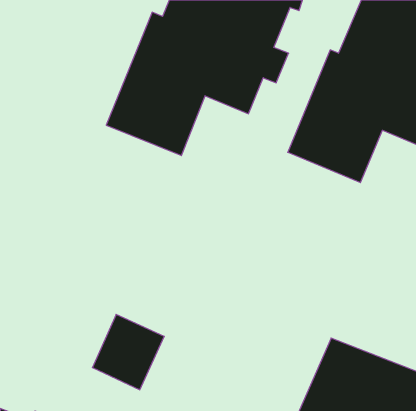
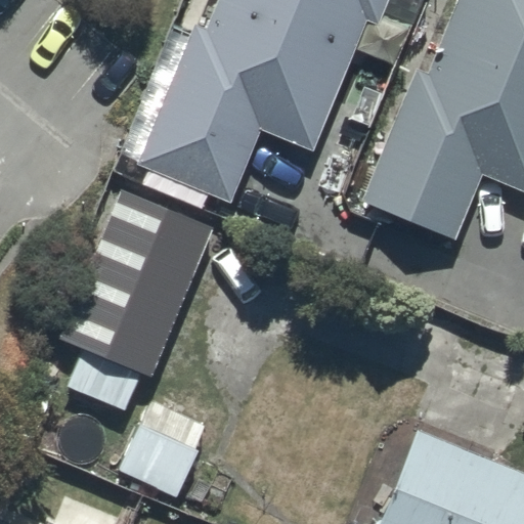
building: none -> [74,186,230,356]

